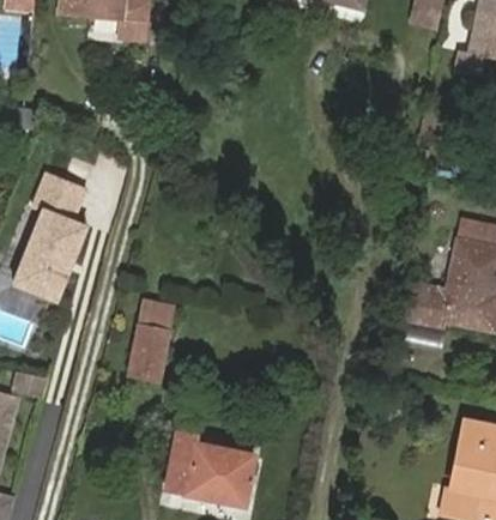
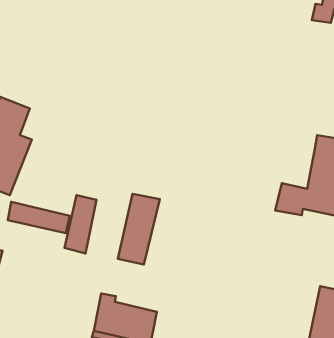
building: none -> [118,194,160,264]
building: none -> [8,202,70,233]

